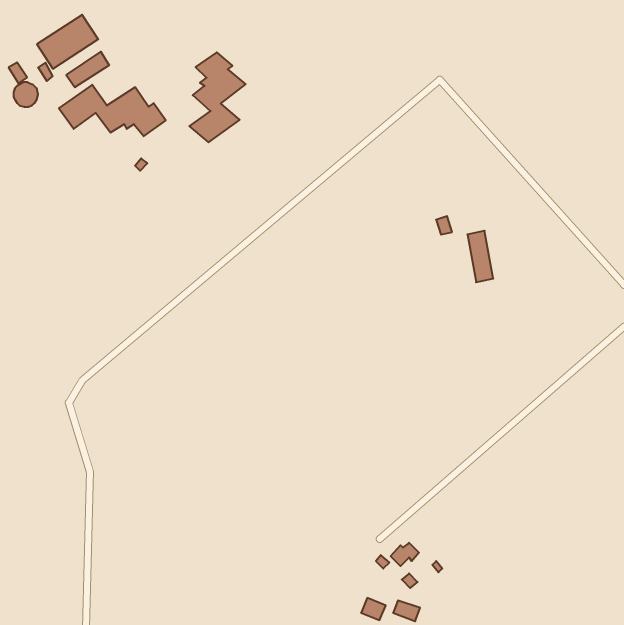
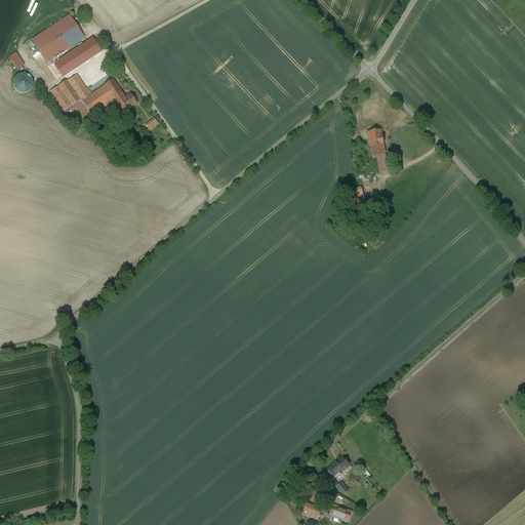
building: [189,52,246,142] -> none
building: [467,231,493,282] -> [367,128,389,171]

